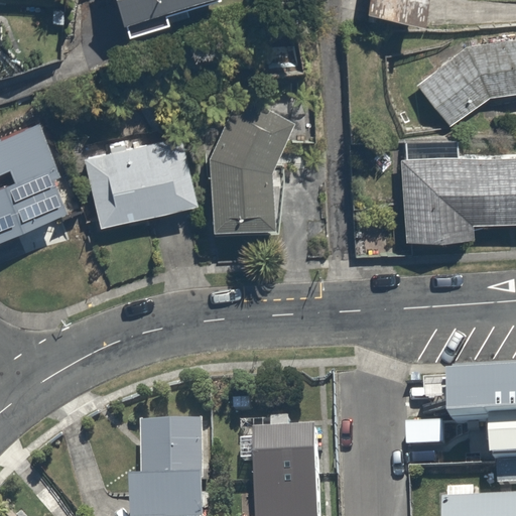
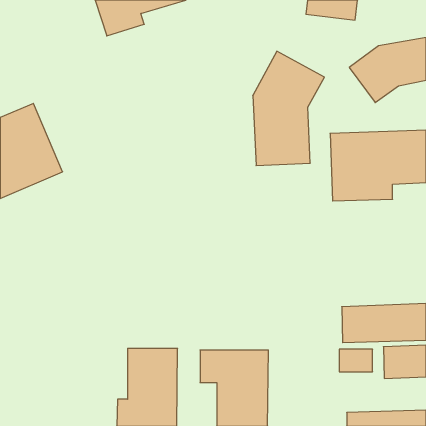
building: [207,95,293,233] -> [253,51,324,166]
building: [79,137,197,232] -> none

